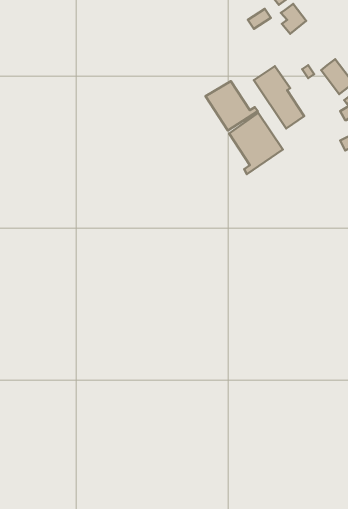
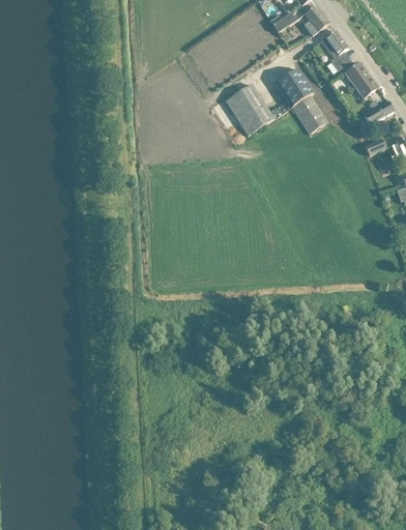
building: none -> [320,29,349,69]
building: [229,113,283,174] -> none

